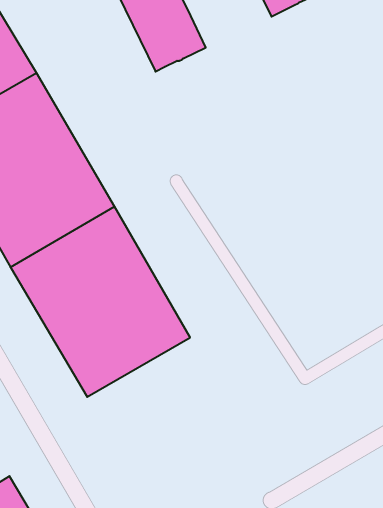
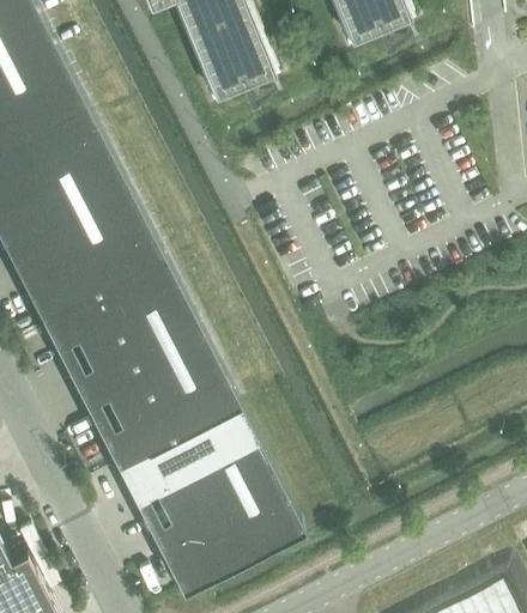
building: none -> [119,406,304,591]

